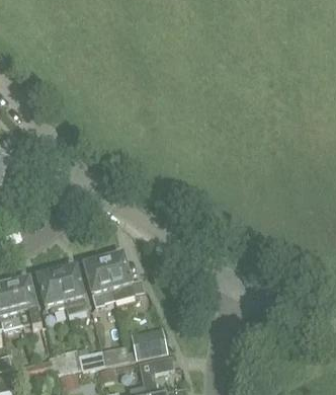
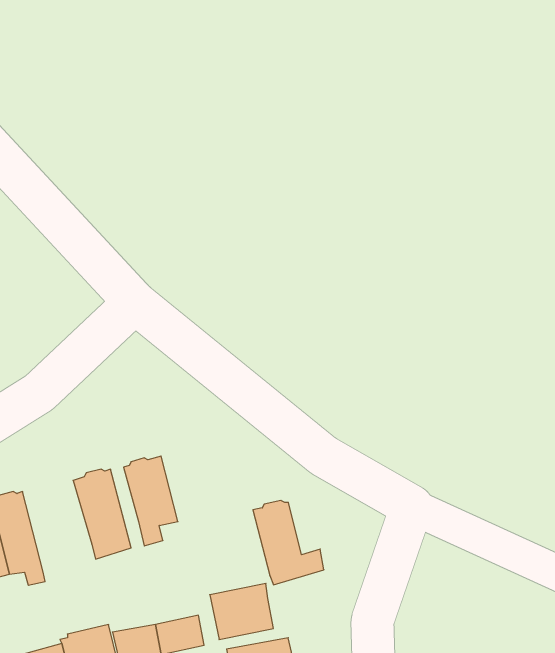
building: [103,251,142,297] -> [253,500,324,585]
building: [36,269,66,308] -> none

